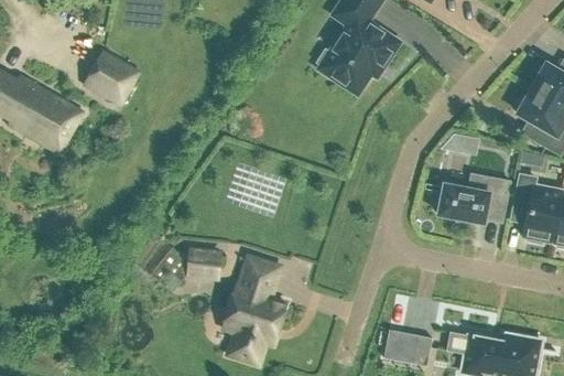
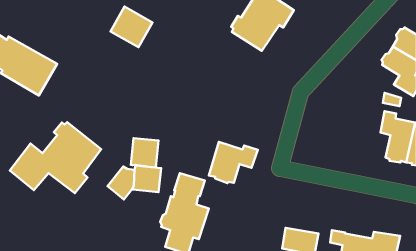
building: [83,50,139,104] -> [110,7,153,47]
building: [434,173,510,223] -> none
building: none -> [10,122,101,193]
building: none -> [131,138,158,167]
building: none -> [209,142,258,183]

